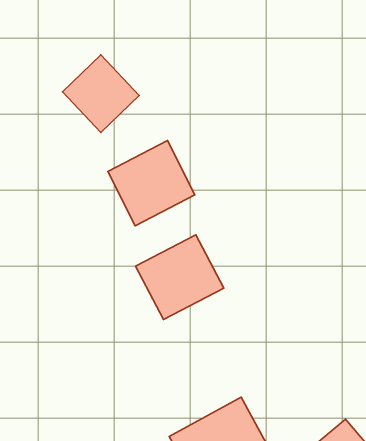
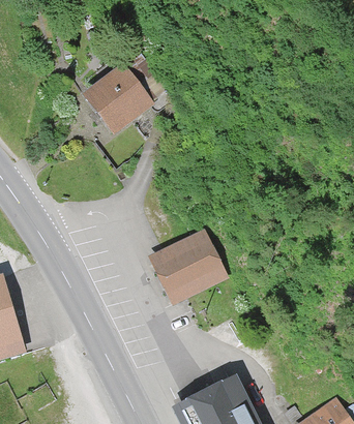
building: [108,141,195,226] -> none

